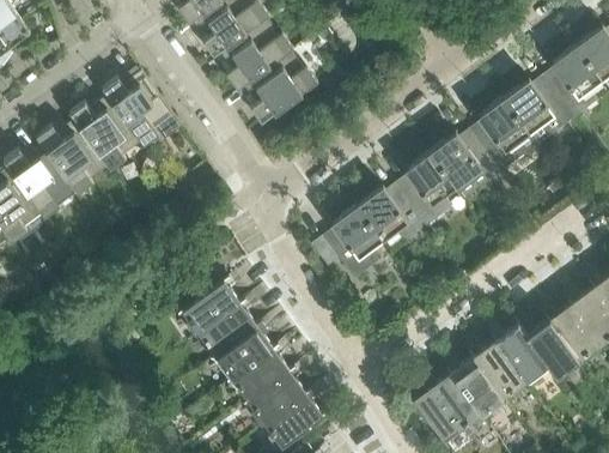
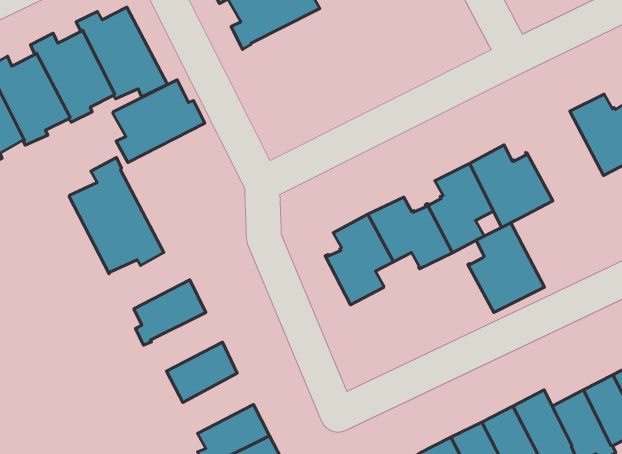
building: [243,50,317,122] -> [113,80,205,163]
building: [475,98,538,171] -> [468,223,544,312]
building: none -> [69,158,164,274]
building: [200,303,257,355] -> none
building: [233,348,290,400] -> none

